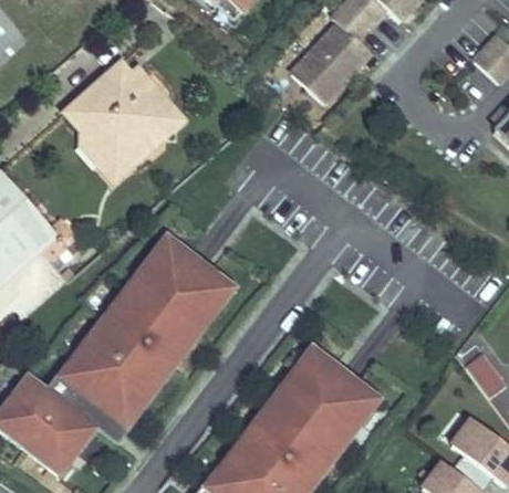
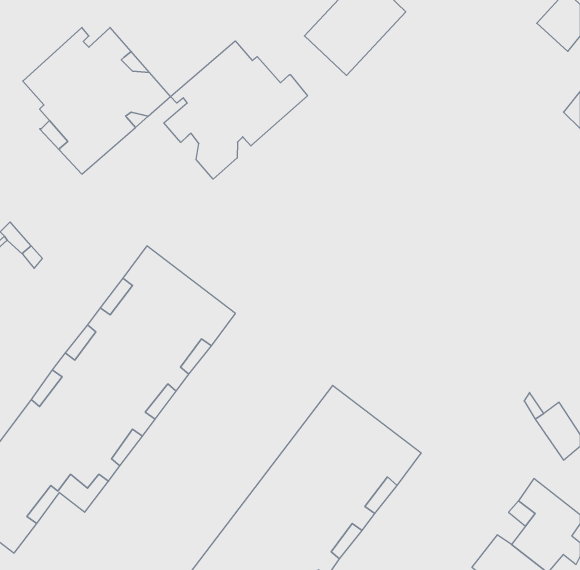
building: none -> [164,41,307,179]

